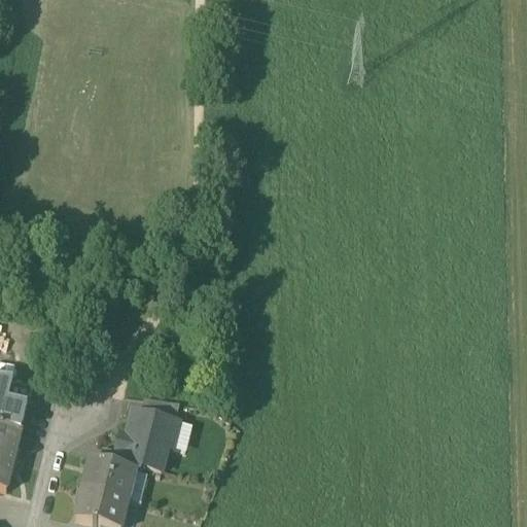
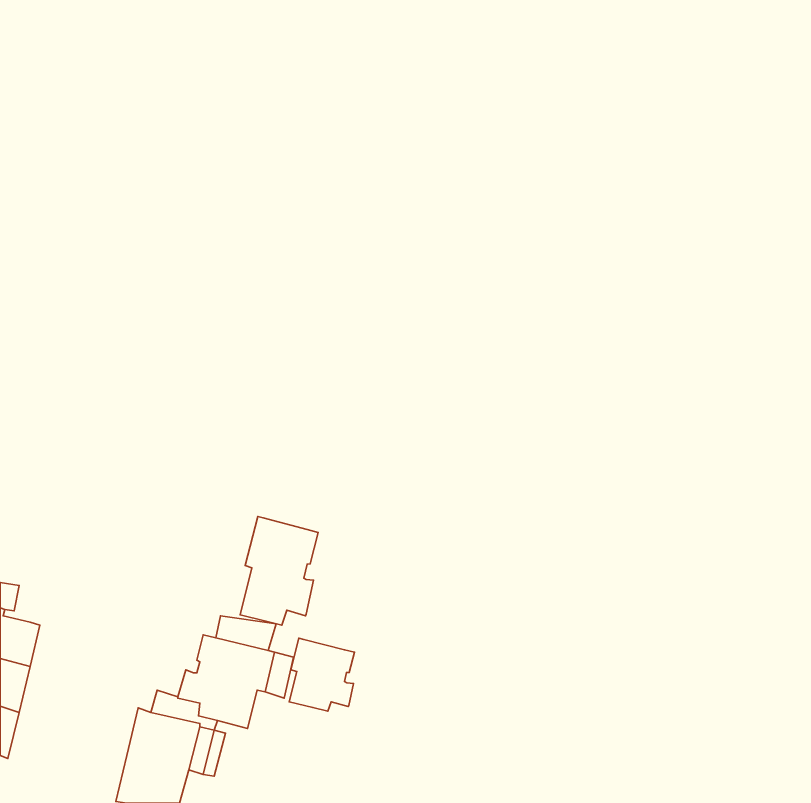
building: none -> [240,517,318,625]
building: none -> [289,638,354,711]

